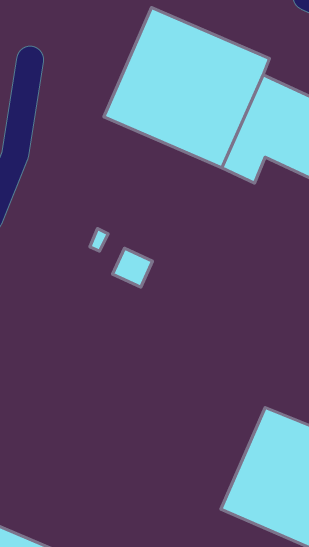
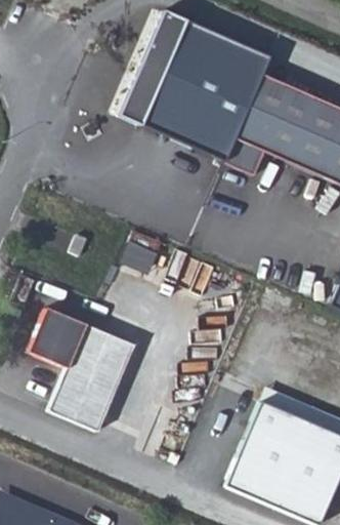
building: none -> [30,307,136,431]

